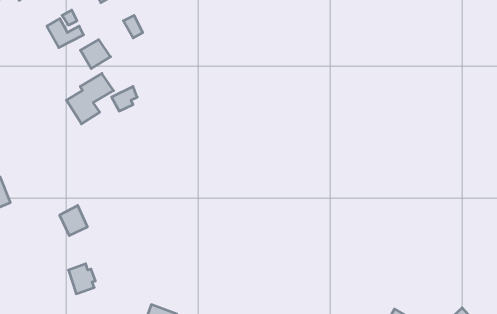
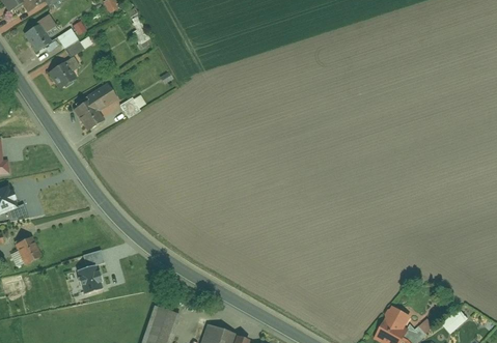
building: none -> [26,23,53,51]
building: [80,40,111,69] -> [50,60,79,88]
building: [60,205,87,236] -> [17,235,44,264]

